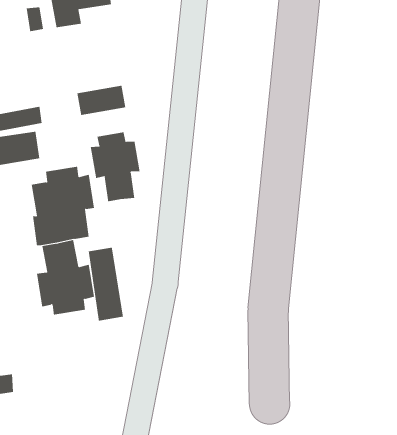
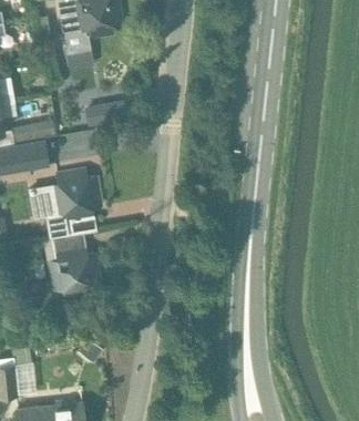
building: [90,131,140,202] -> none
building: [88,247,123,322] -> none

